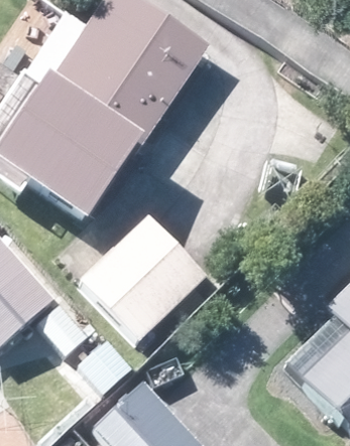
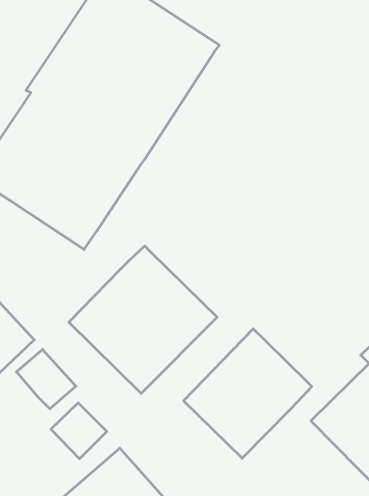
building: none -> [184,329,312,458]

